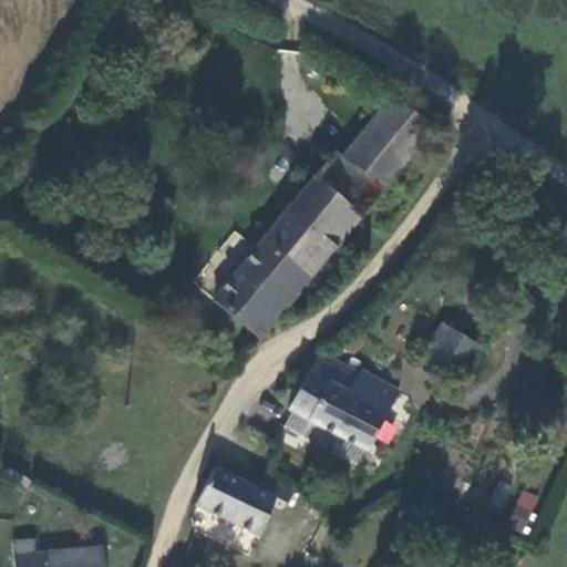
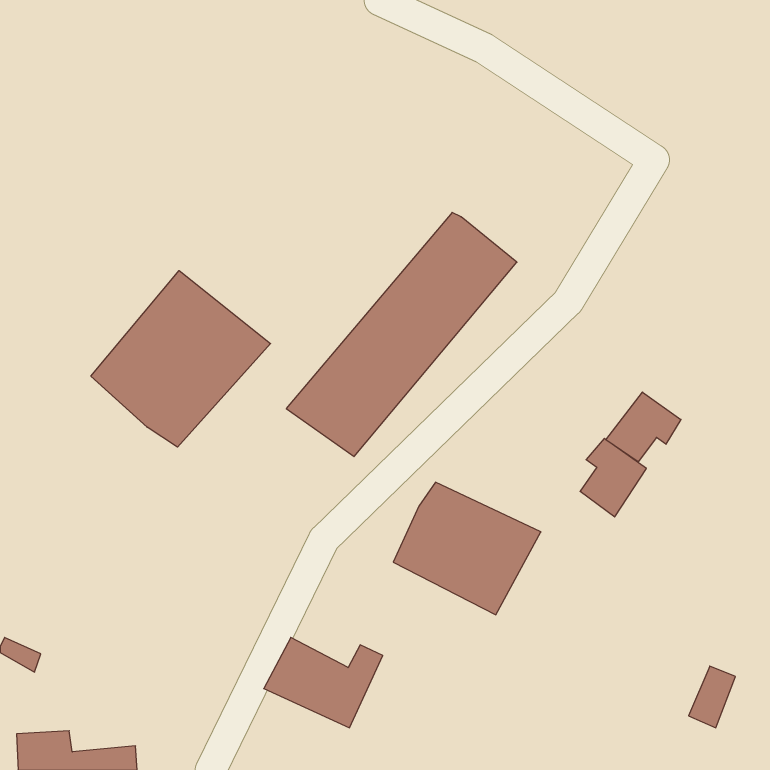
building: [339,101,430,193] -> none
building: none -> [91,271,271,447]
building: none -> [606,392,681,462]

